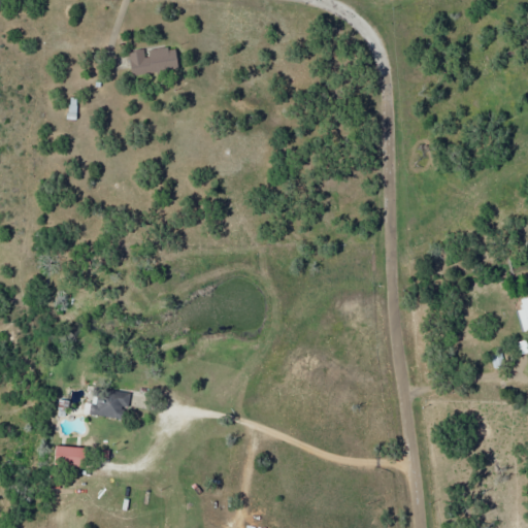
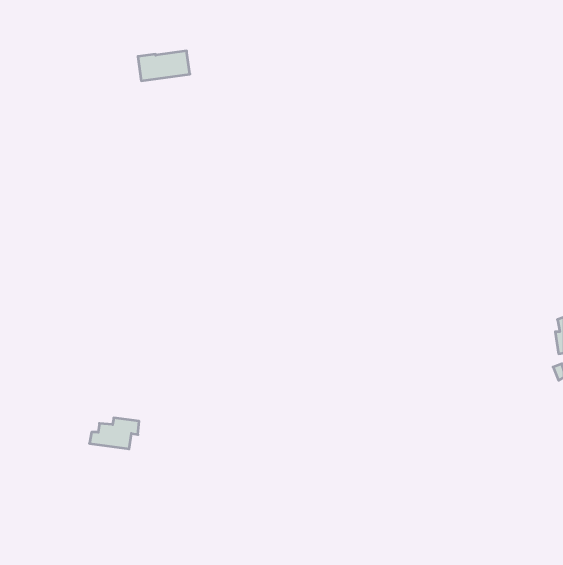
building: [55,444,86,468] -> none

